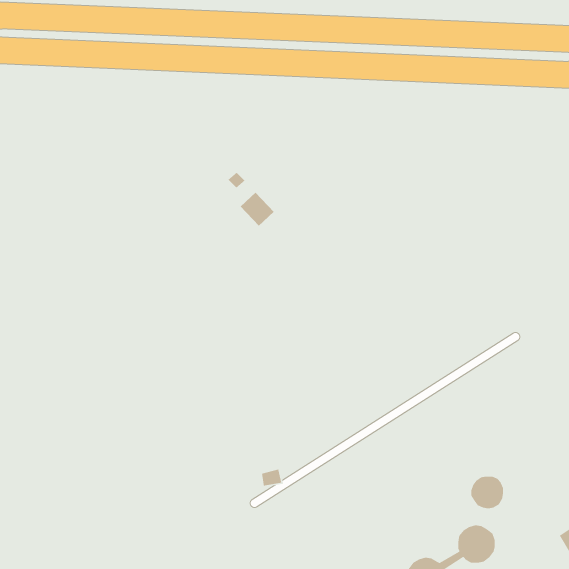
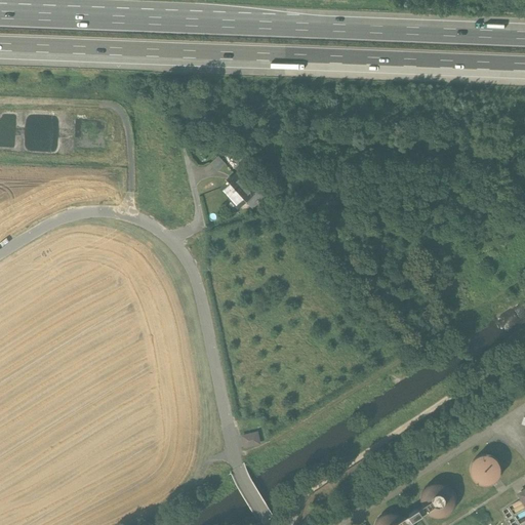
building: [470,476,504,509] -> [470,456,500,487]

